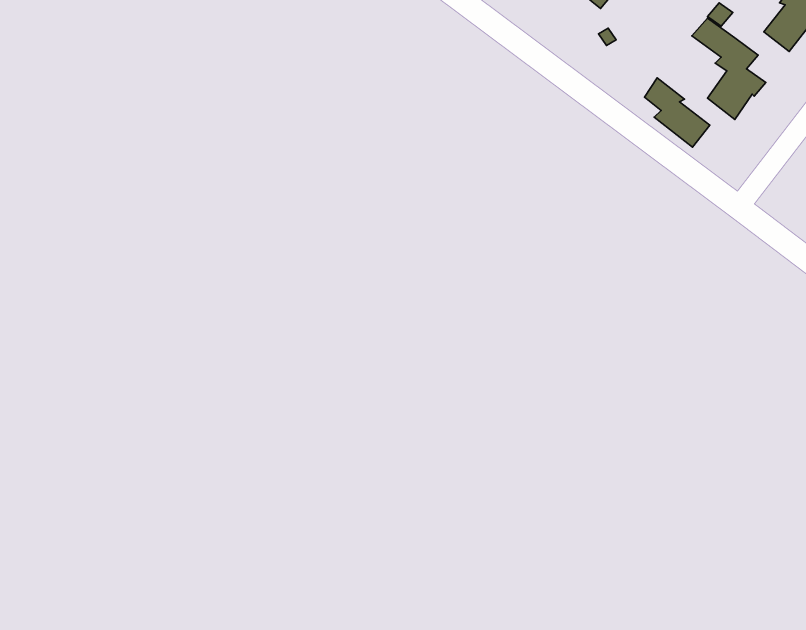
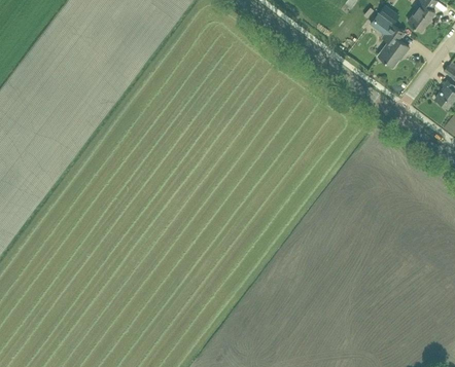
building: [645,78,710,147] -> none

